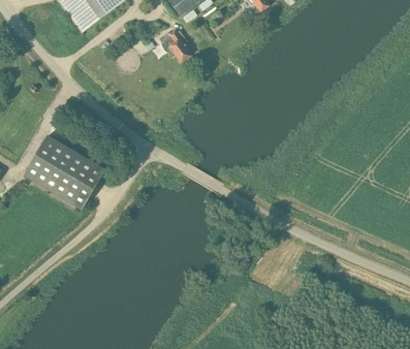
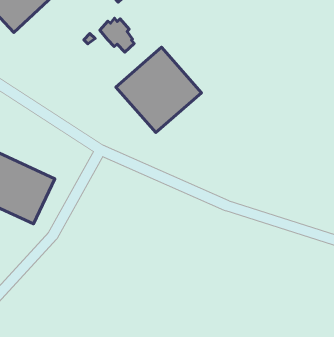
building: none -> [116,47,202,133]

